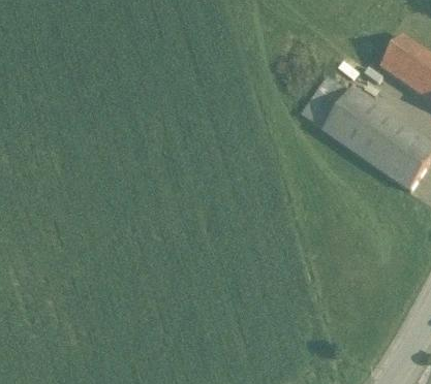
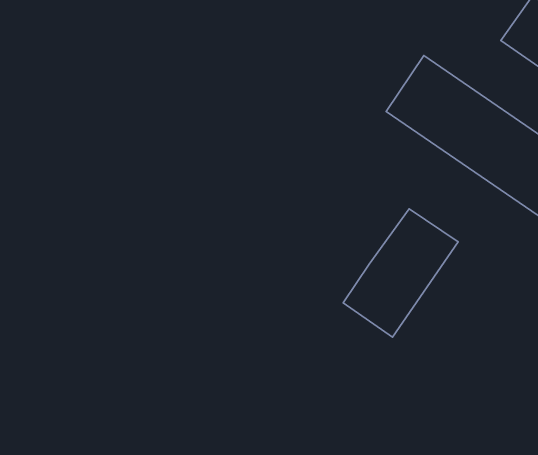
building: none -> [343,209,458,337]

